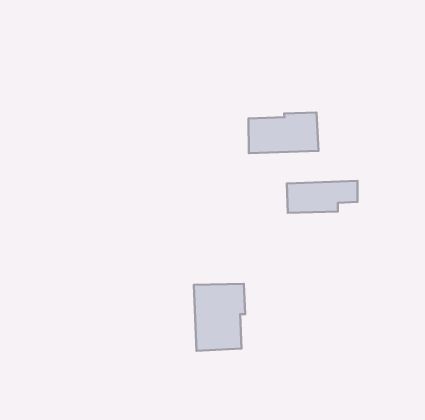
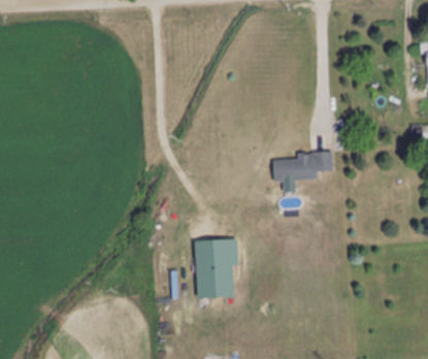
building: [248,112,318,153] -> none

